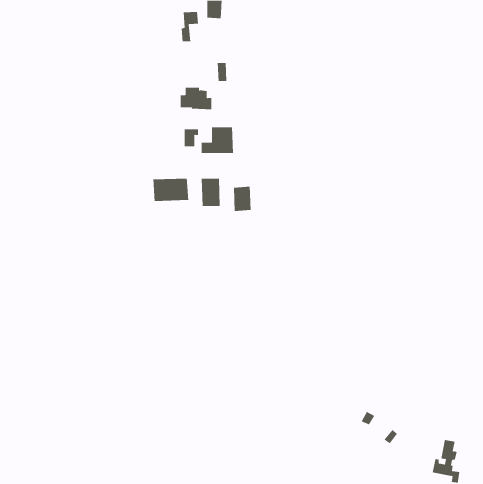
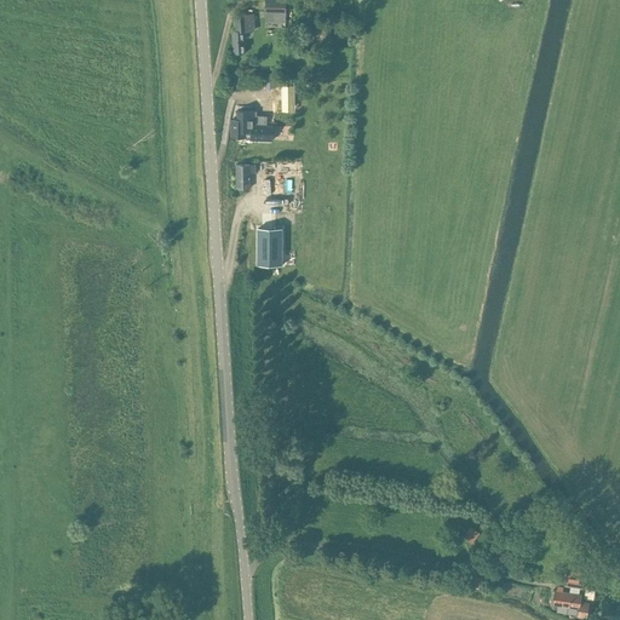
building: [153,178,189,202] -> none
building: [233,186,251,212] -> none

